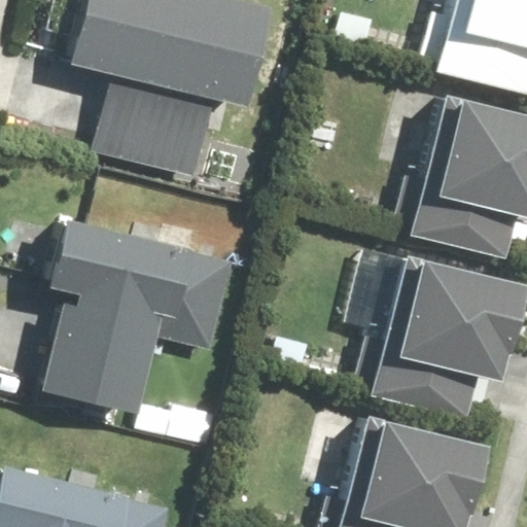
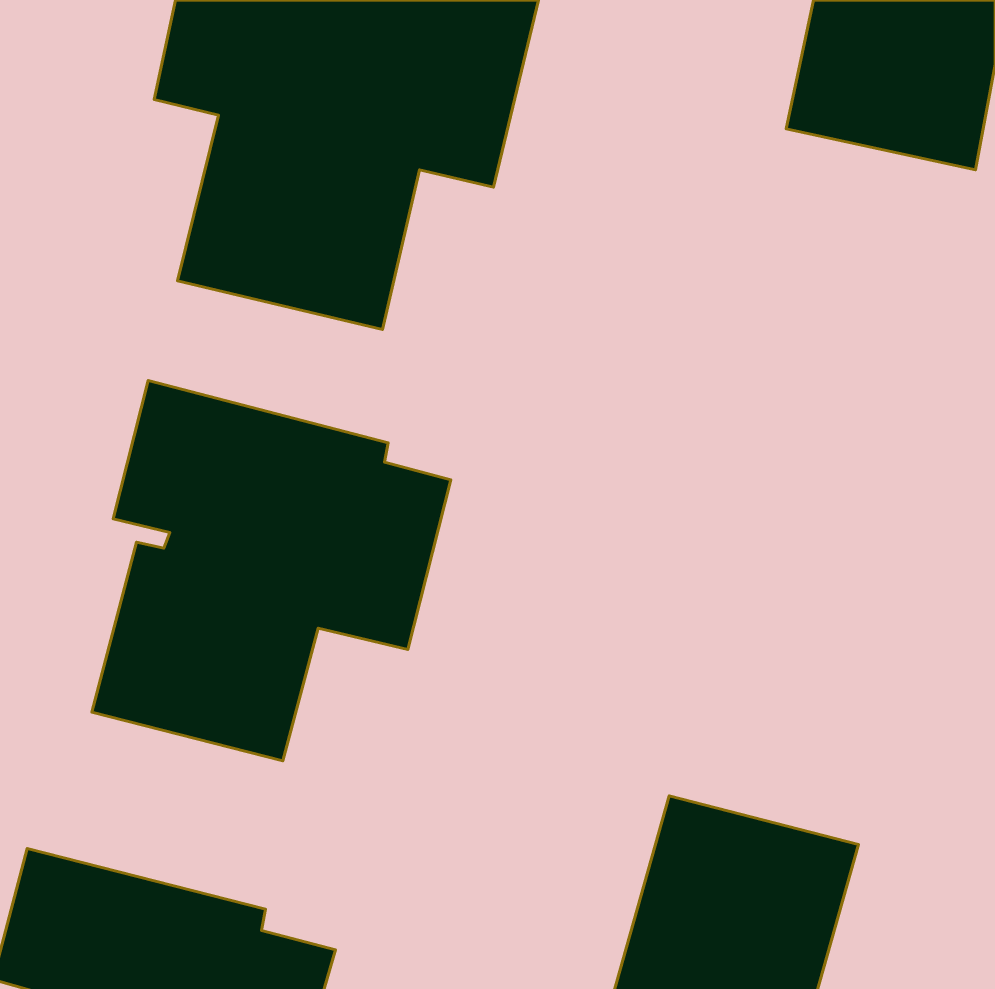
building: [389,107,511,256] -> none
building: [359,259,496,409] -> none

